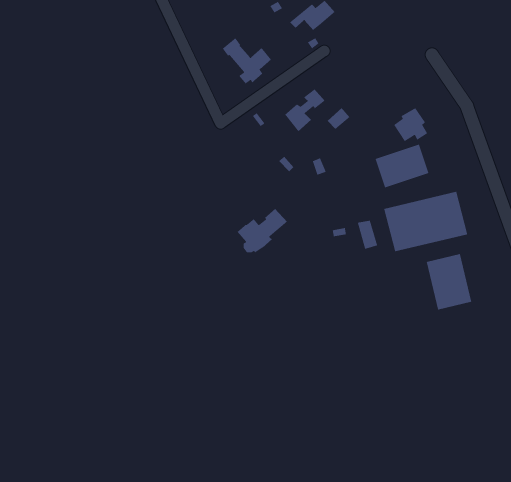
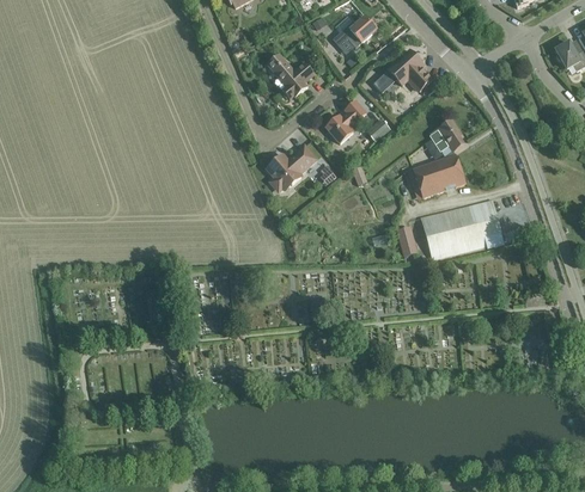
building: none -> [388,50,431,91]
building: [236,208,288,253] -> [267,146,316,189]
building: [426,253,472,311] -> none

